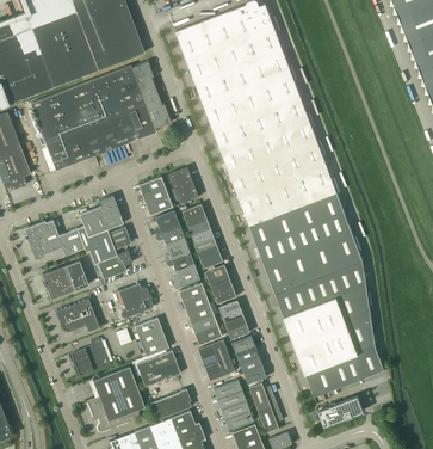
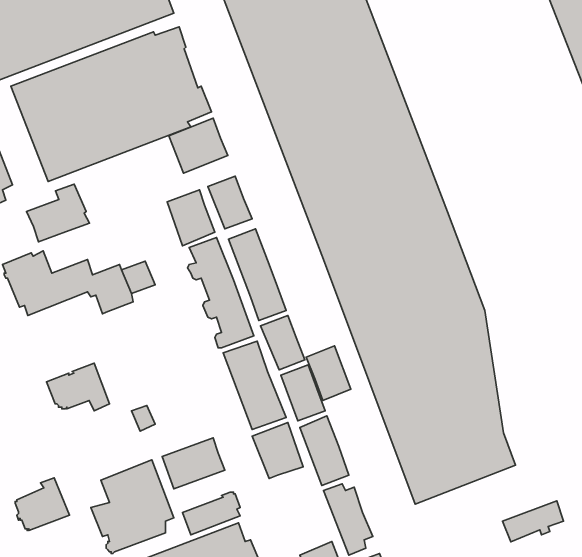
building: none -> [169,118,228,173]
building: [79,196,123,236] -> [27,184,89,242]
building: [97,251,132,279] -> none
building: [42,260,88,300] -> none
building: [118,283,153,318] -> none
building: none -> [306,346,351,400]
building: [135,318,168,357] -> none
building: [72,338,110,375] -> [15,478,69,530]
building: [215,380,254,430] -> none
building: [320,396,363,425] -> [502,501,564,542]

